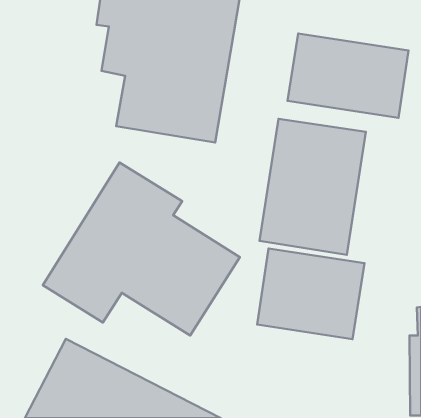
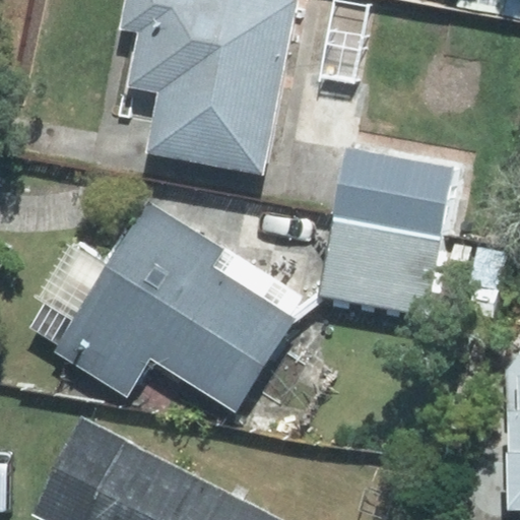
building: [288,33,408,118] -> none
building: [257,248,365,339] -> none

